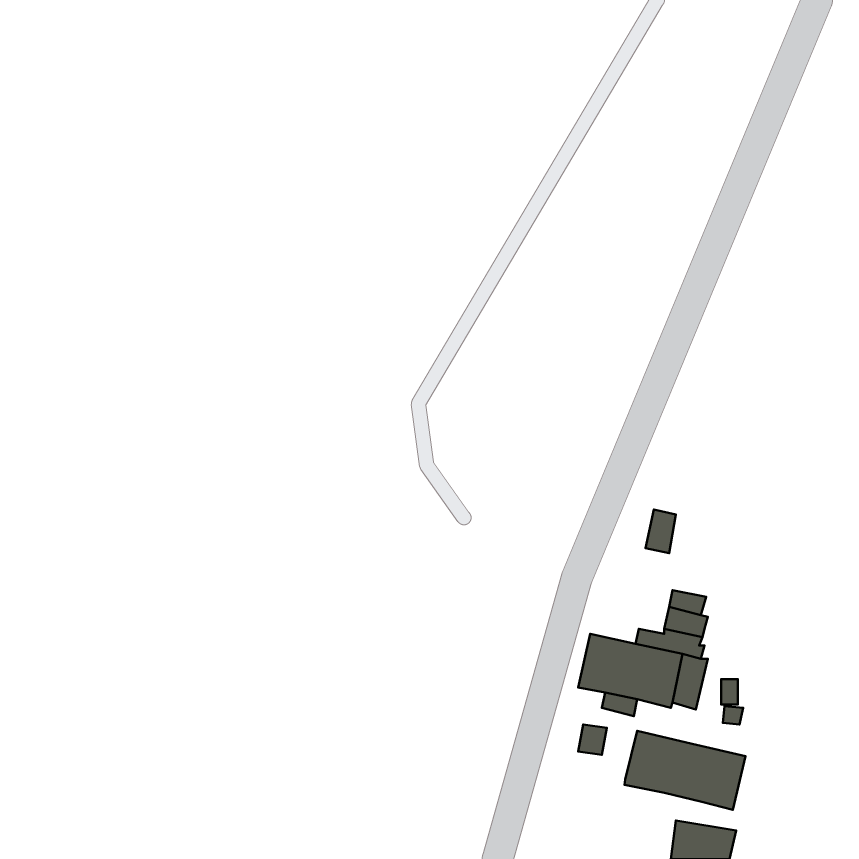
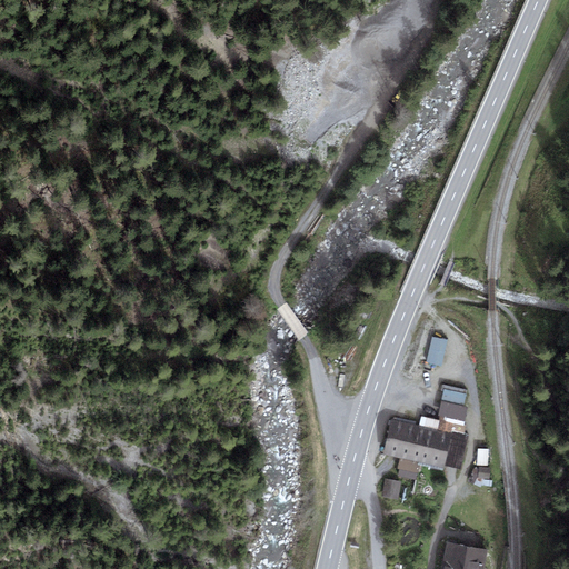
building: [625,731,745,810] -> none

